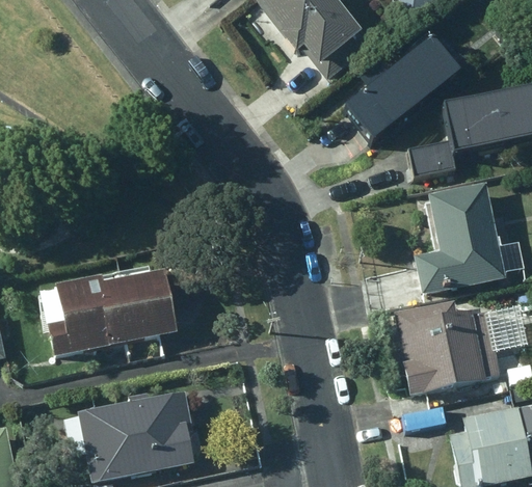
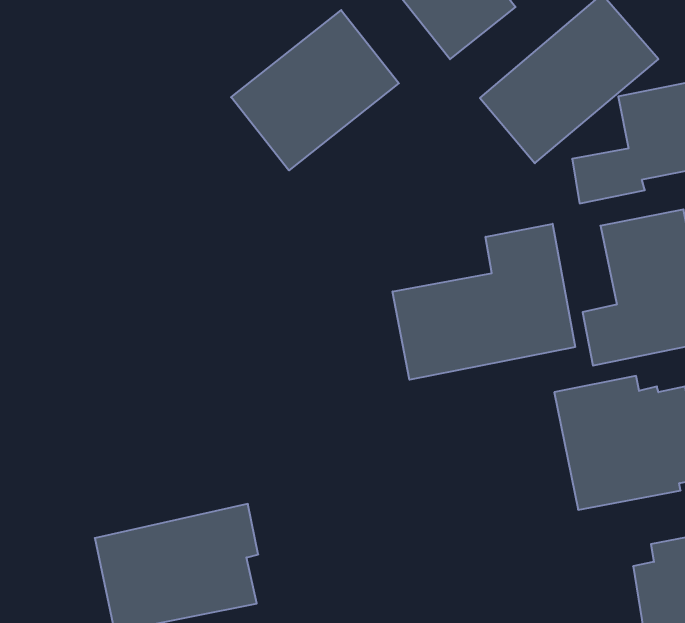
building: none -> [231,10,399,170]
building: none -> [393,224,575,380]
building: [35,264,171,354] -> none

